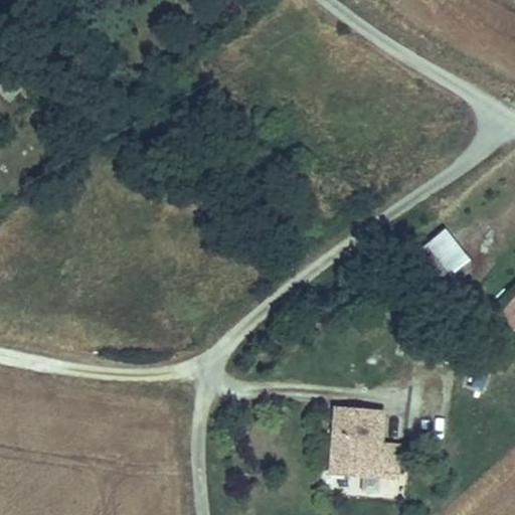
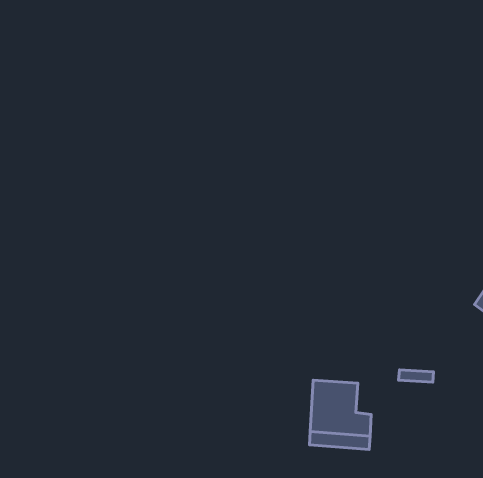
building: [424,238,468,283] -> none

